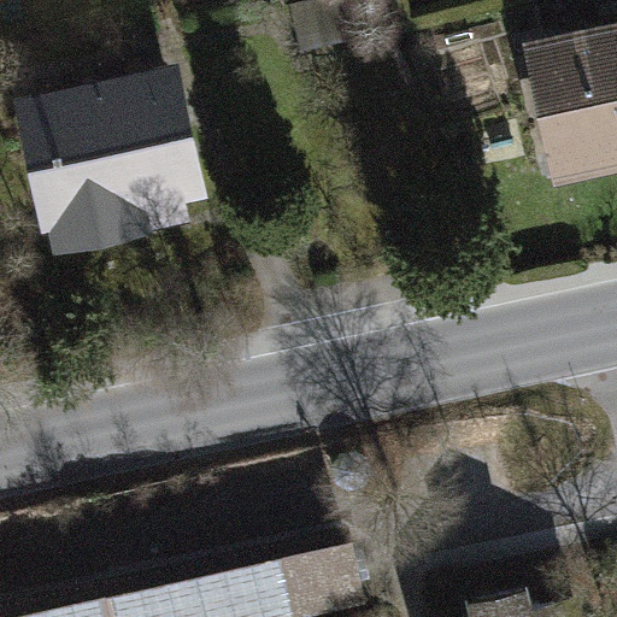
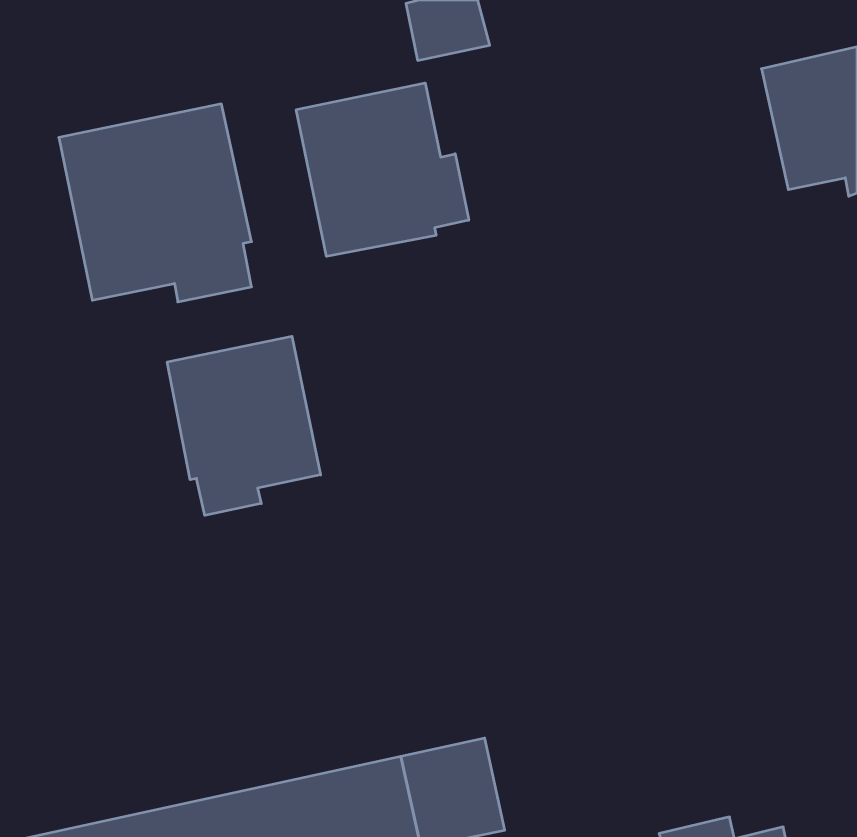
building: none -> [296,83,469,256]
building: none -> [167,336,321,515]

